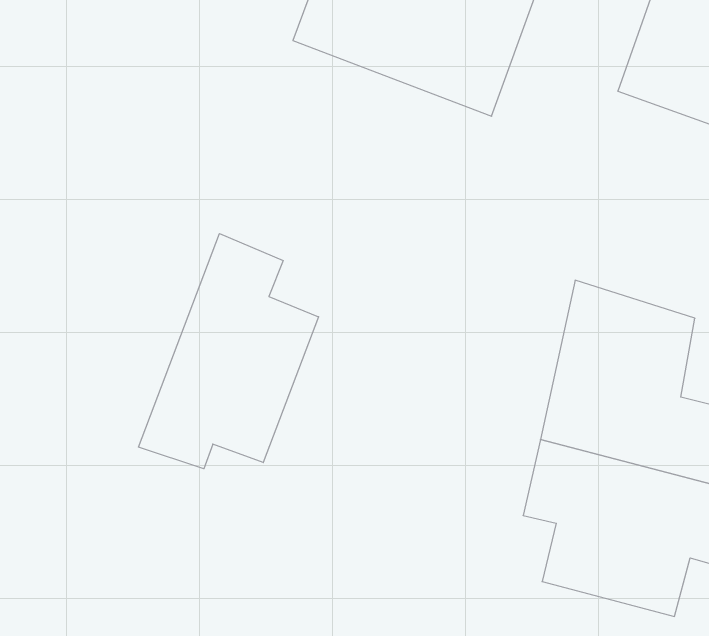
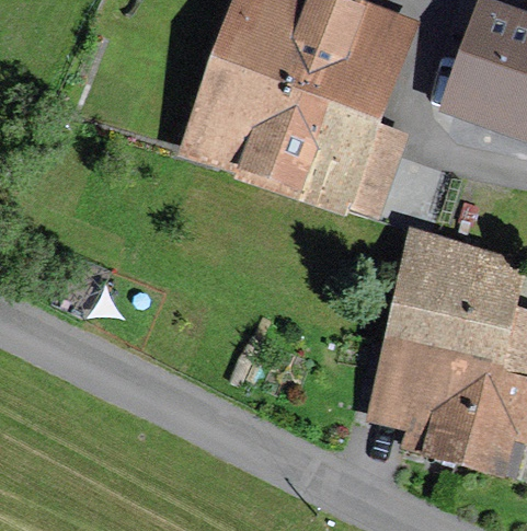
building: none -> [197,69,393,216]
building: [138,234,319,469] -> none

